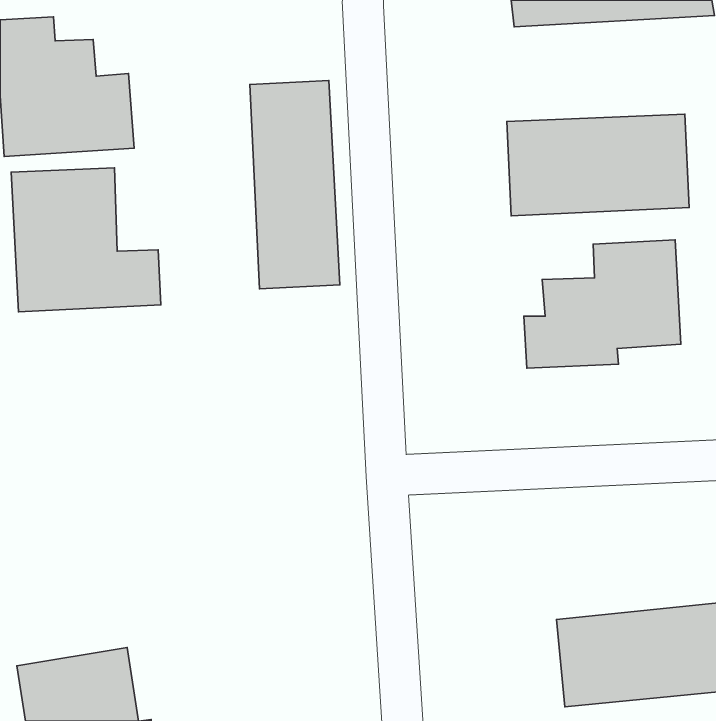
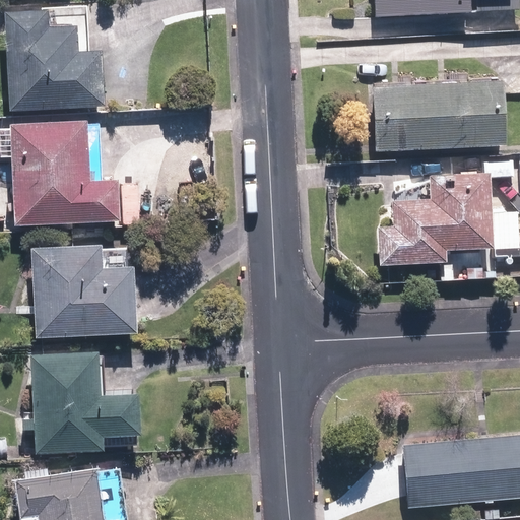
building: [250,81,340,289] -> none
building: none -> [32,245,137,337]
building: none -> [32,350,139,453]

